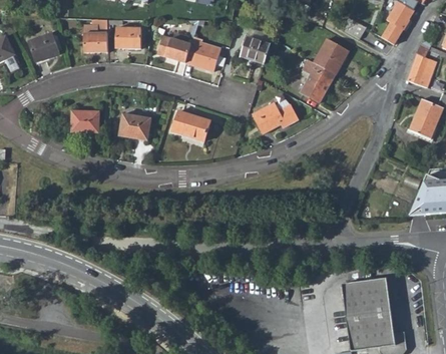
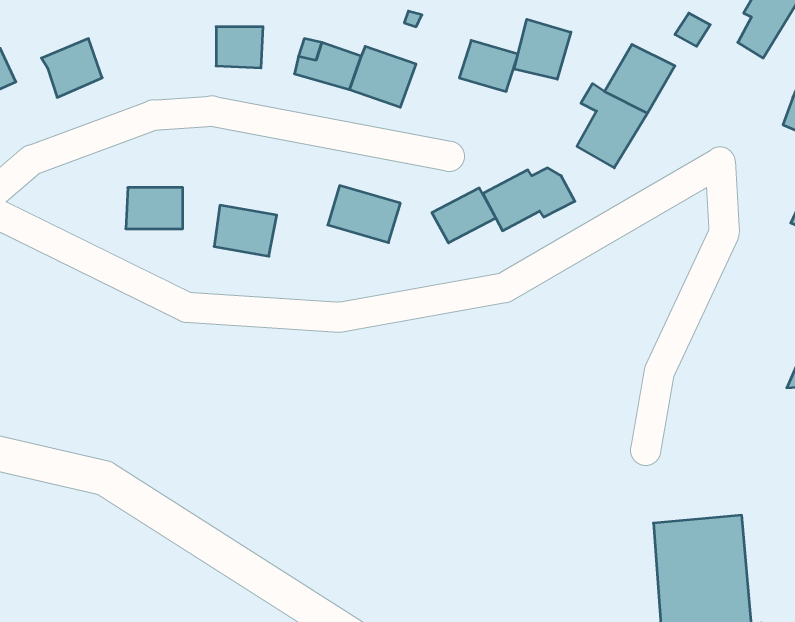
building: [84,20,108,51] -> none
building: none -> [514,19,571,79]
building: none -> [432,188,496,243]

